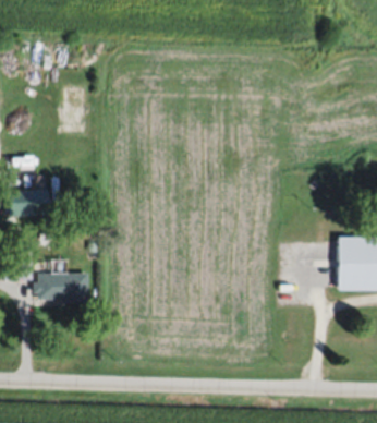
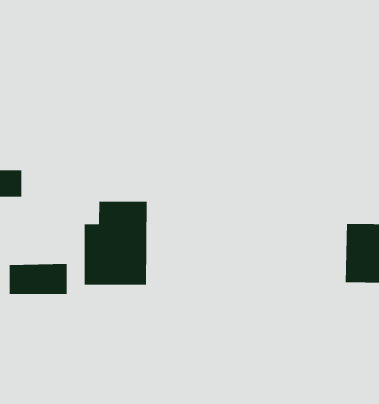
building: none -> [84,201,147,286]

